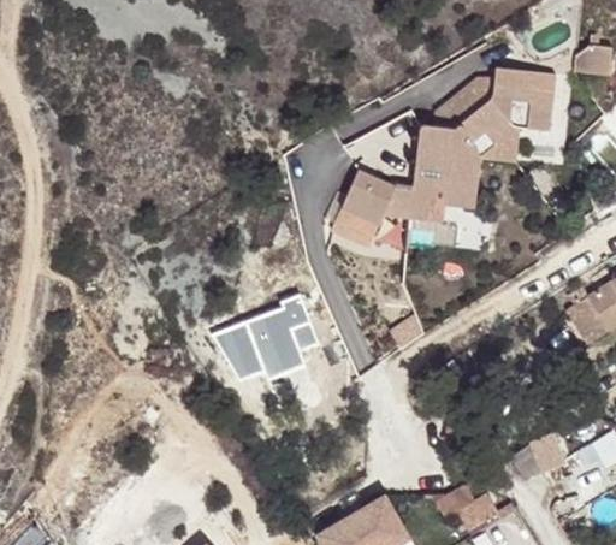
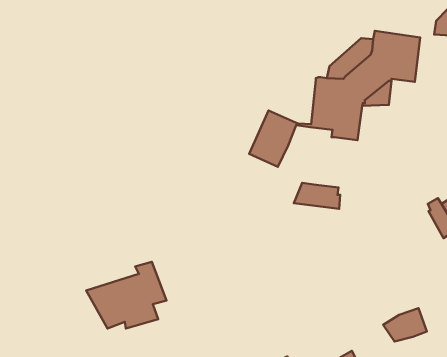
building: [384,192,444,226] -> [294,183,340,209]
building: [215,294,320,380] -> [86,262,167,328]

